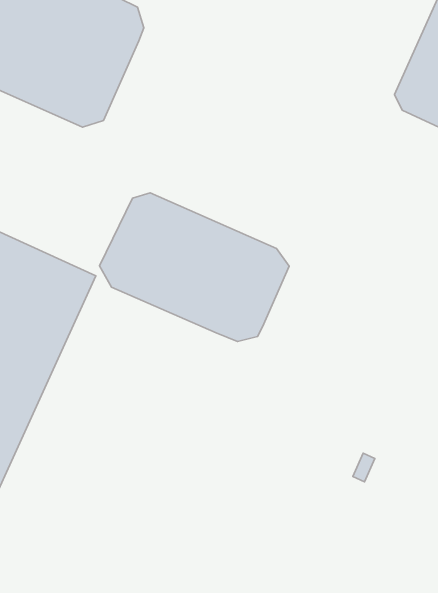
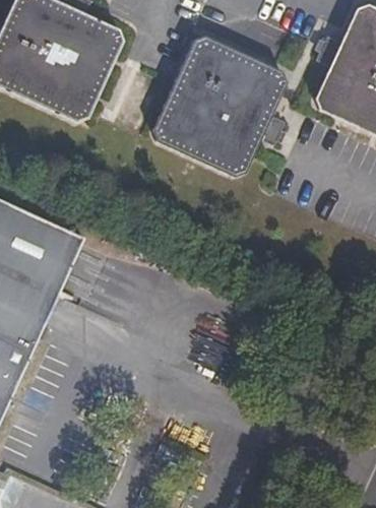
building: none -> [152,36,285,174]
building: [100,193,289,341] -> none

